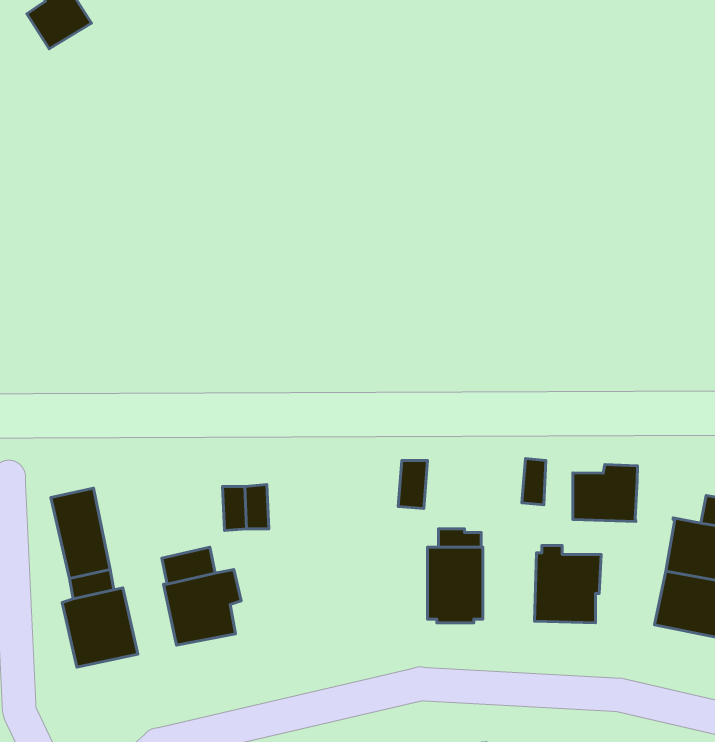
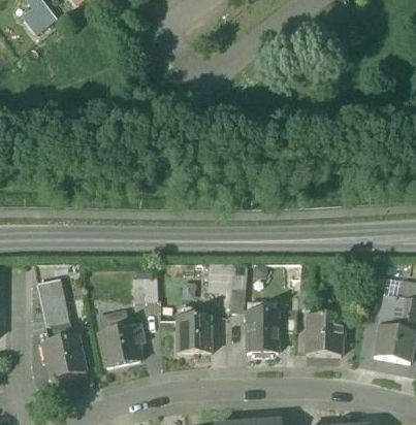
building: [573,464,637,521] -> none
building: none -> [175,306,211,351]

